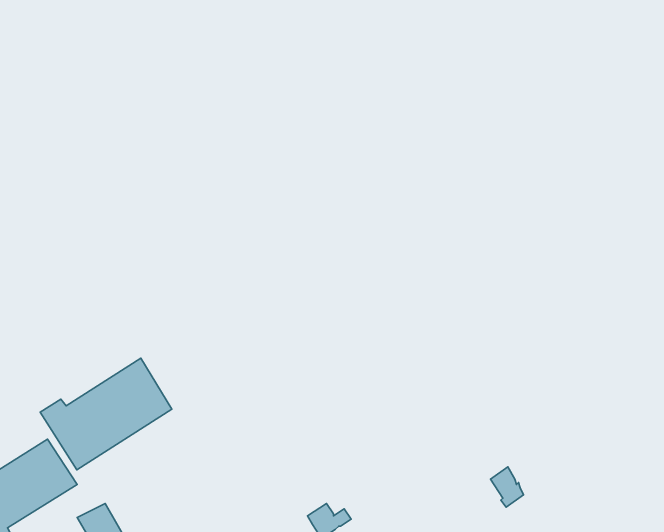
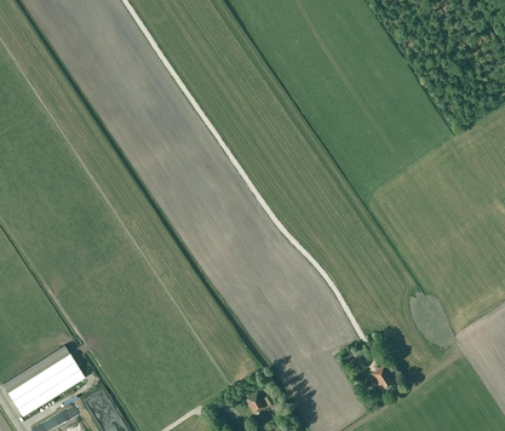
building: [40,358,172,470] -> none

